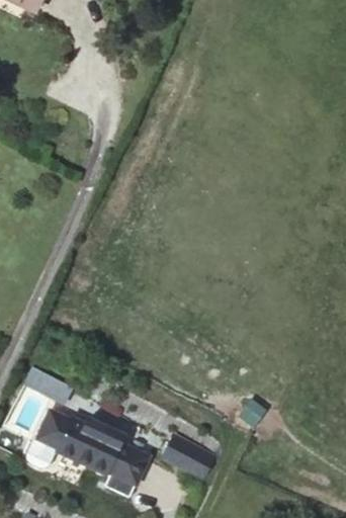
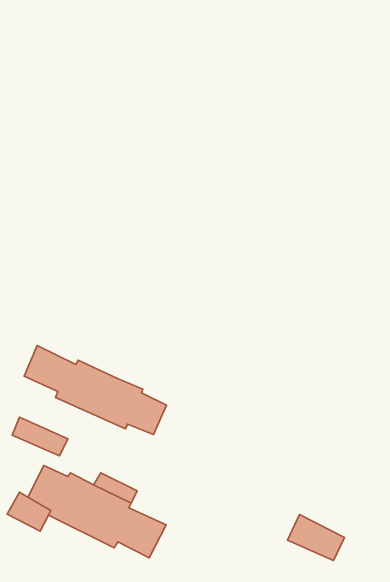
building: none -> [24,346,167,434]
building: [170,441,218,480] -> [287,515,344,561]

